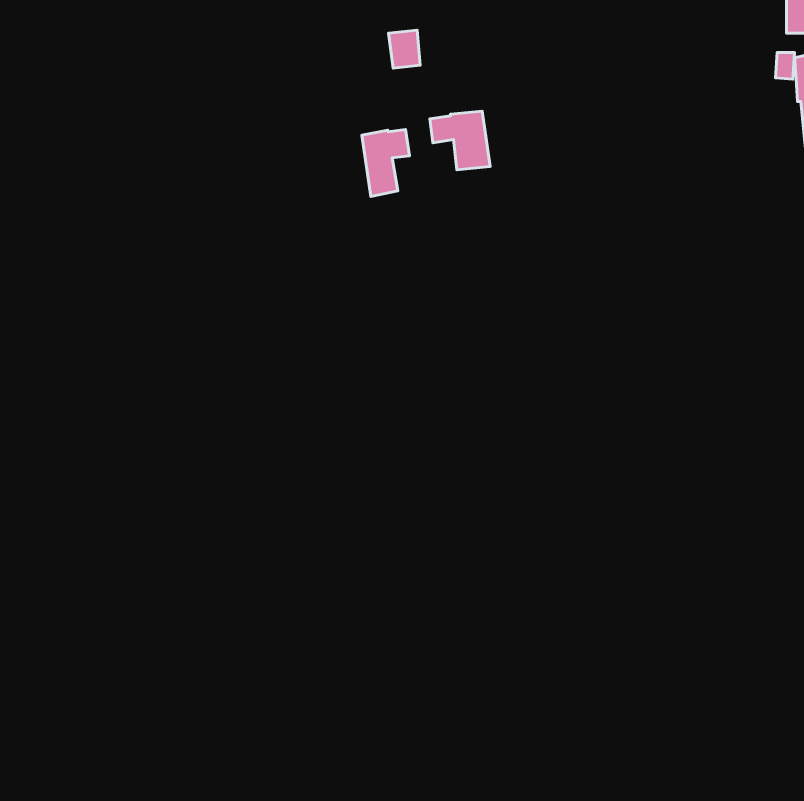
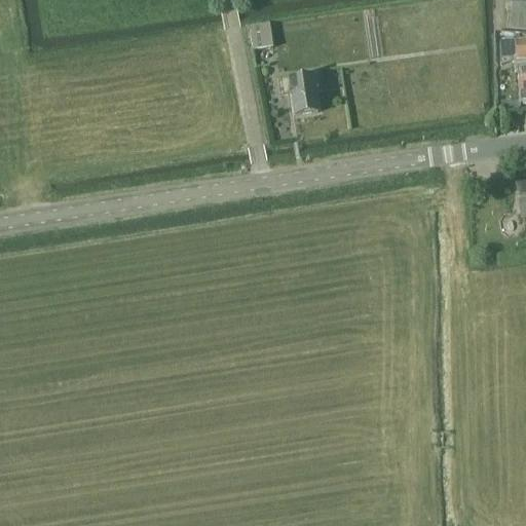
building: [362,129,409,196] -> none

